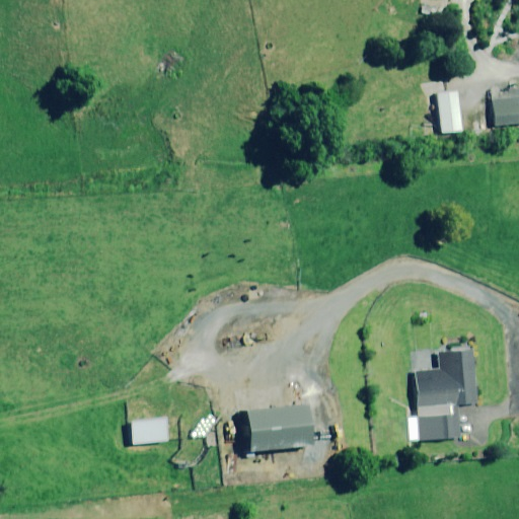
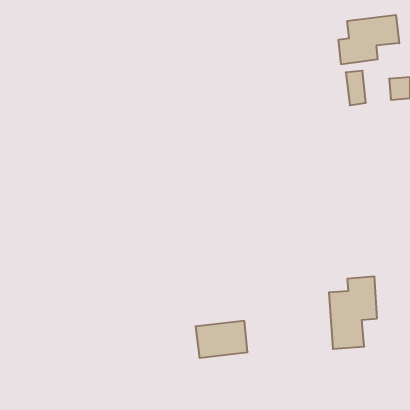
building: none -> [339,15,399,64]
building: [131,418,168,444] -> none

